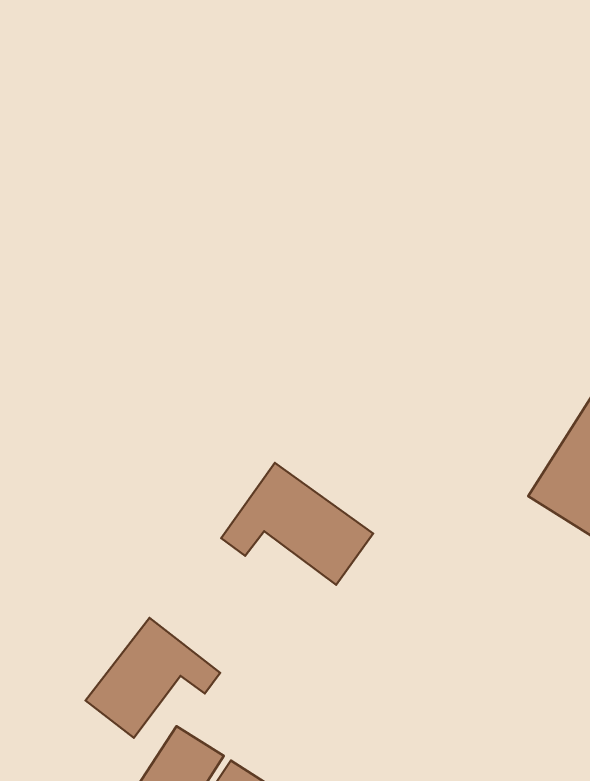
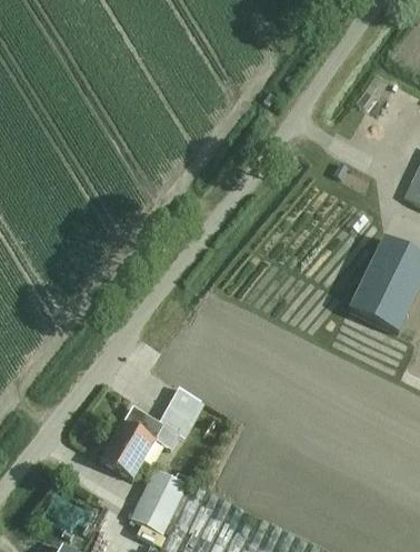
building: [221,463,373,585] -> none
building: none -> [161,385,201,428]

